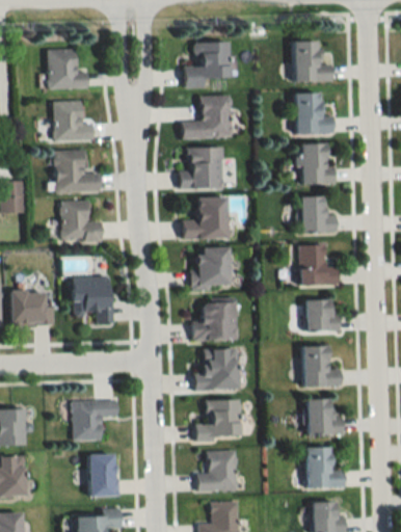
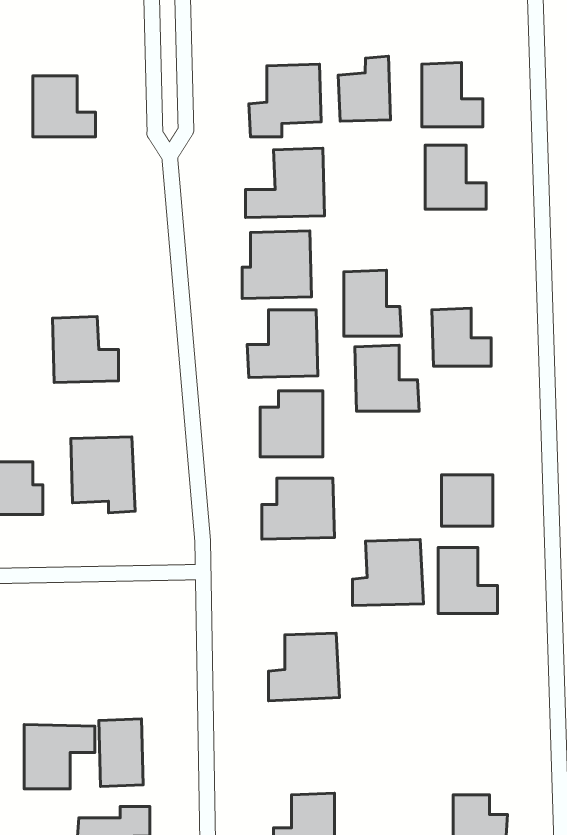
building: none -> [338,56,390,121]
building: [53,101,93,139] -> none
building: [299,142,336,184] -> [344,270,401,336]
building: [55,150,101,193] -> none
building: [298,244,339,286] -> [355,345,419,411]
building: [194,349,239,391] -> [352,539,423,605]
building: [73,400,117,441] -> [24,725,95,789]
building: [306,400,344,435] -> none
building: [306,448,345,488] -> none
building: [198,451,238,491] -> none

